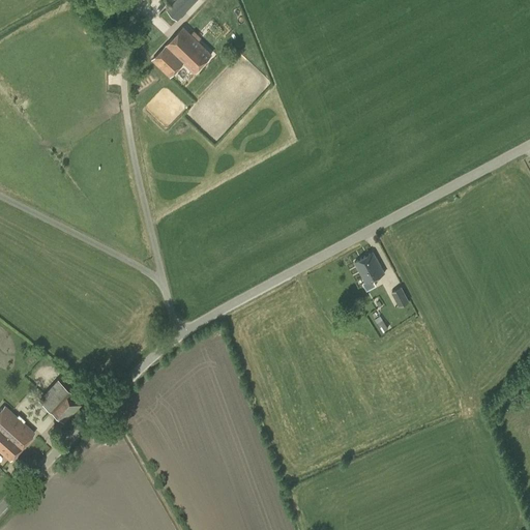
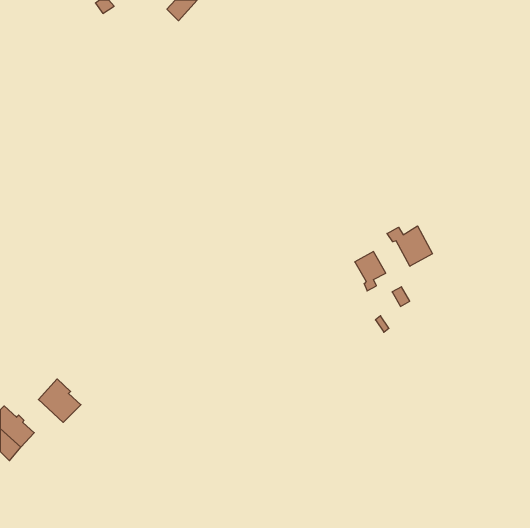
building: [151,28,211,79] -> none
building: none -> [387,226,432,266]

